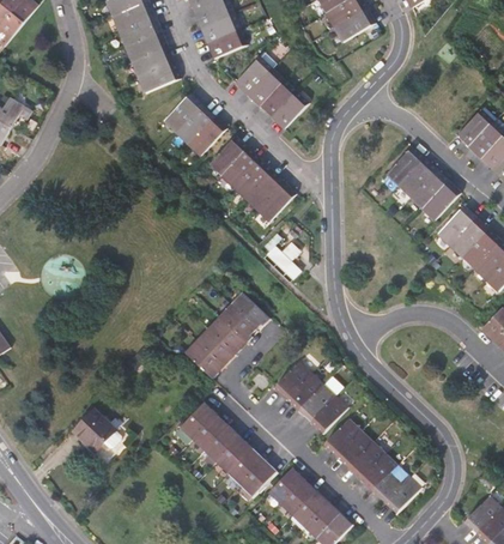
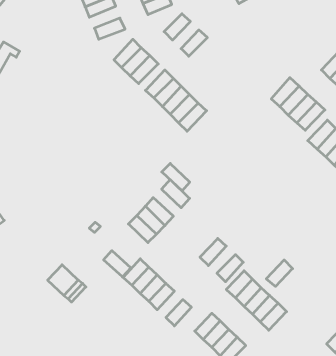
building: [129,46,172,77] -> none
building: [247,67,284,105] -> none
building: [269,90,308,128] -> none
building: [219,303,259,341] -> [162,163,190,191]
building: [273,361,310,399] -> none
building: [297,383,335,422] -> none
building: none -> [104,251,131,277]
building: [225,447,261,484] -> none
building: [266,466,302,503] -> none
building: [382,476,419,513] -> [266,260,293,286]

